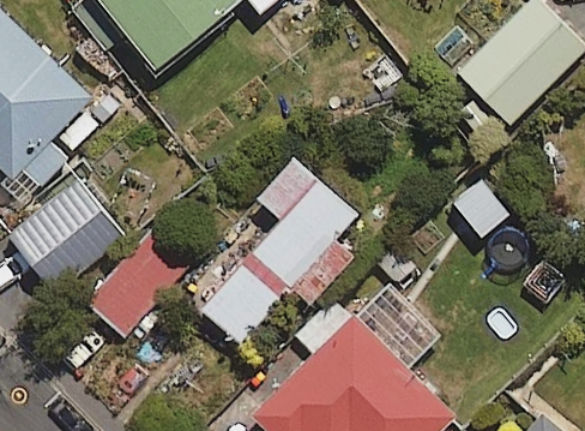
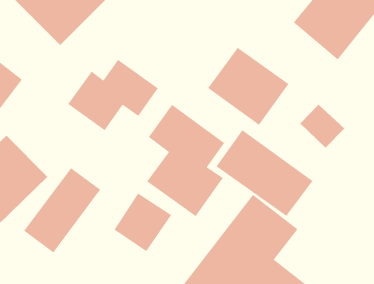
building: none -> [207,47,290,126]
building: none -> [67,59,159,131]
building: none -> [215,129,314,217]

